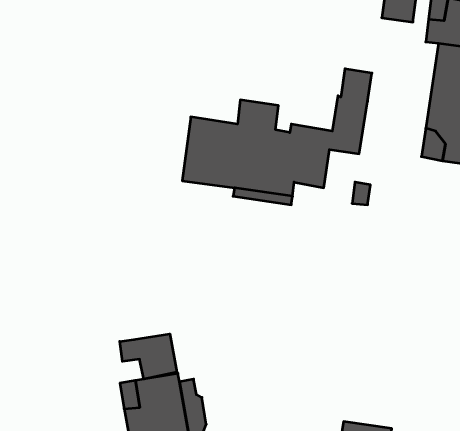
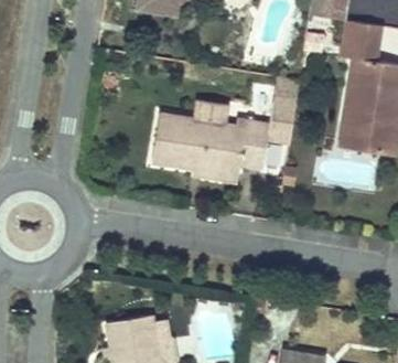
building: [120,334,177,379] -> none

